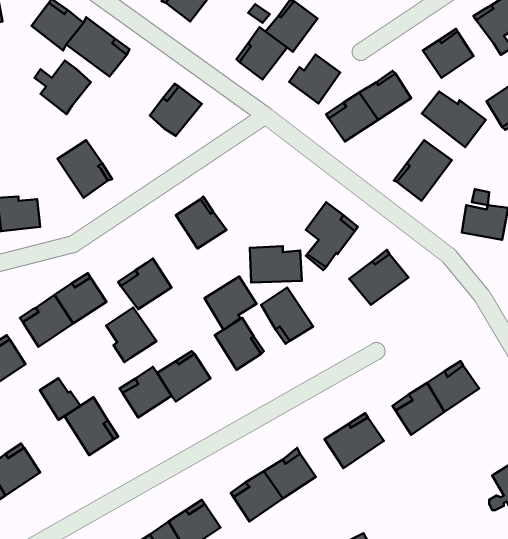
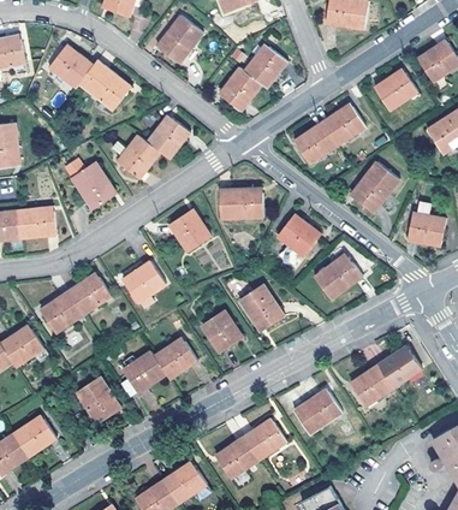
building: [289,54,340,104] -> none
building: [35,61,91,114] -> [113,134,160,178]
building: [422,92,486,147] -> none
building: [250,246,302,282] -> [220,188,263,218]
building: [204,276,257,330] -> none
building: [106,308,156,362] -> none
building: [40,378,81,420] -> none

